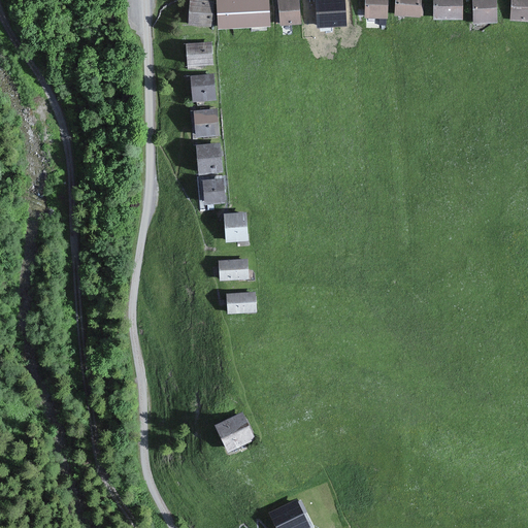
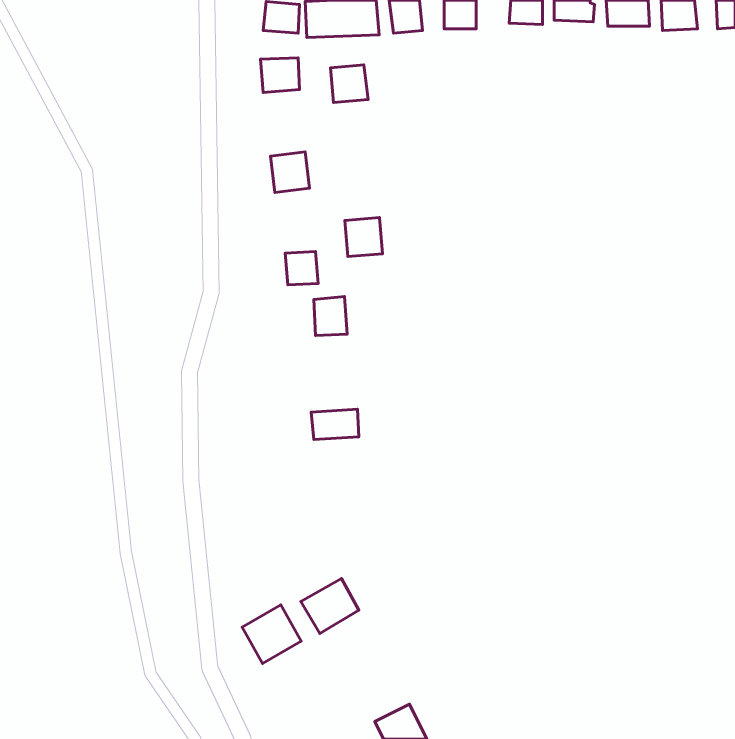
building: [190,74,217,101] -> [331,65,368,102]
building: [197,144,224,172] -> [345,218,382,257]
building: [218,260,249,279] -> none
building: none -> [242,605,301,663]

